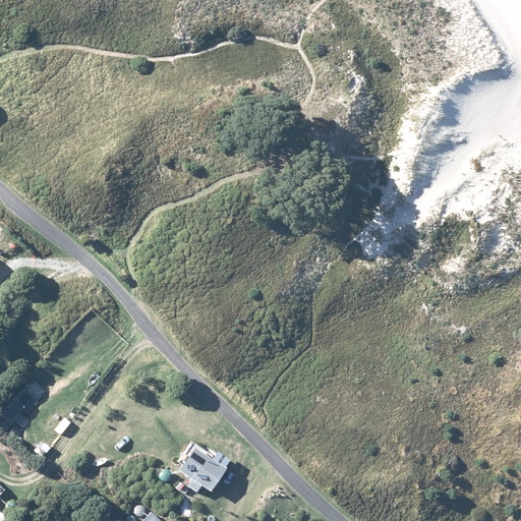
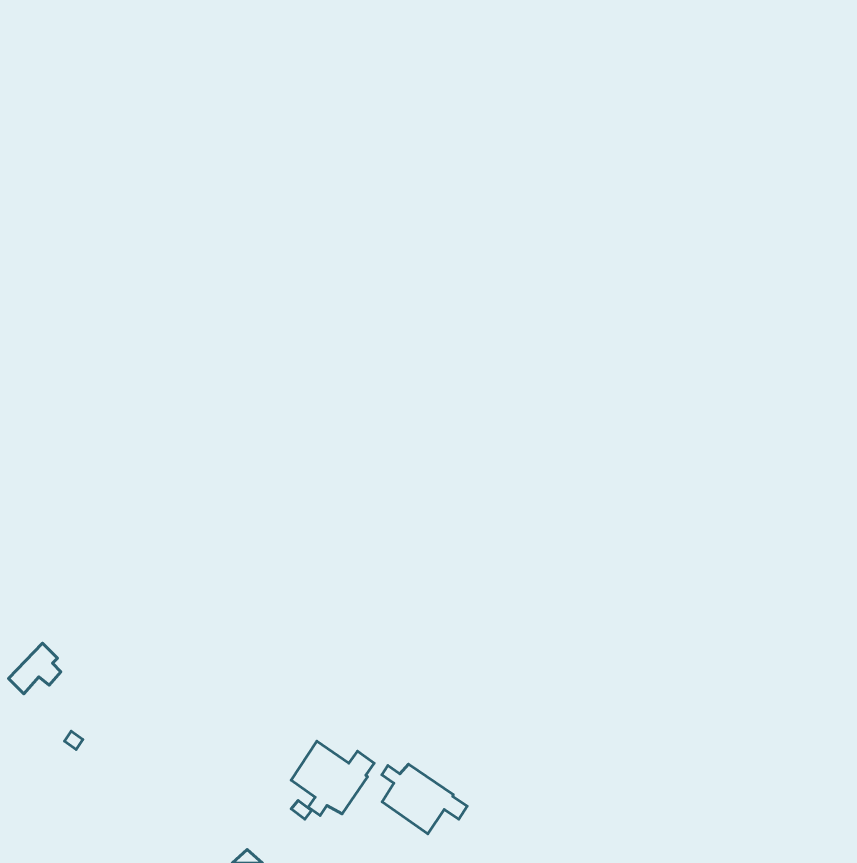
building: none -> [382,764,467,834]

